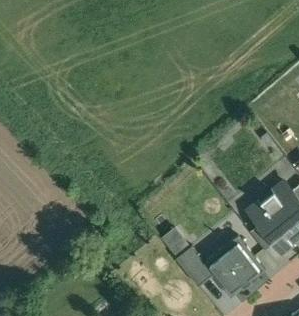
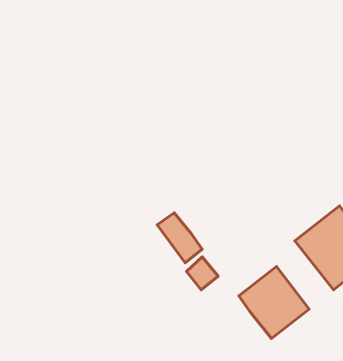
building: [174,243,211,284] -> [157,213,202,263]

